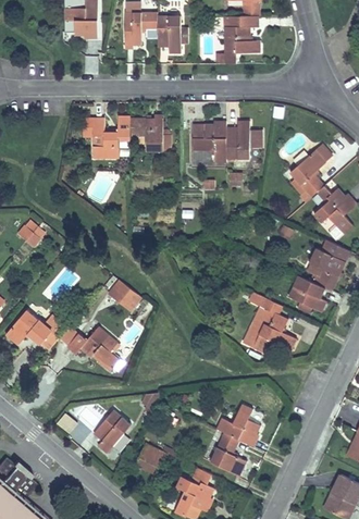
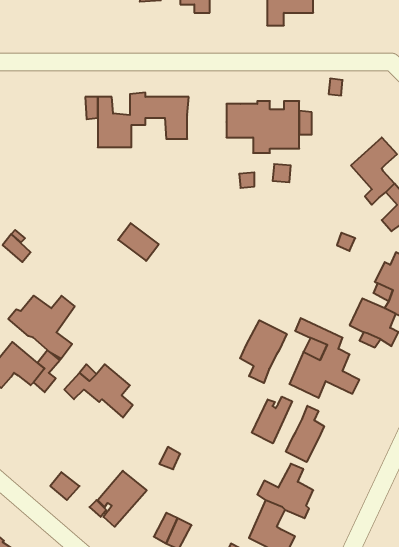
building: none -> [8,296,75,359]
building: [110,280,141,309] -> [118,223,159,261]
building: none -> [240,320,287,383]
building: none -> [252,397,292,443]
building: none -> [286,406,324,462]

